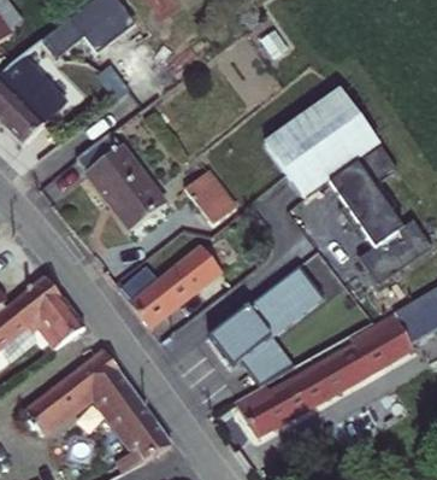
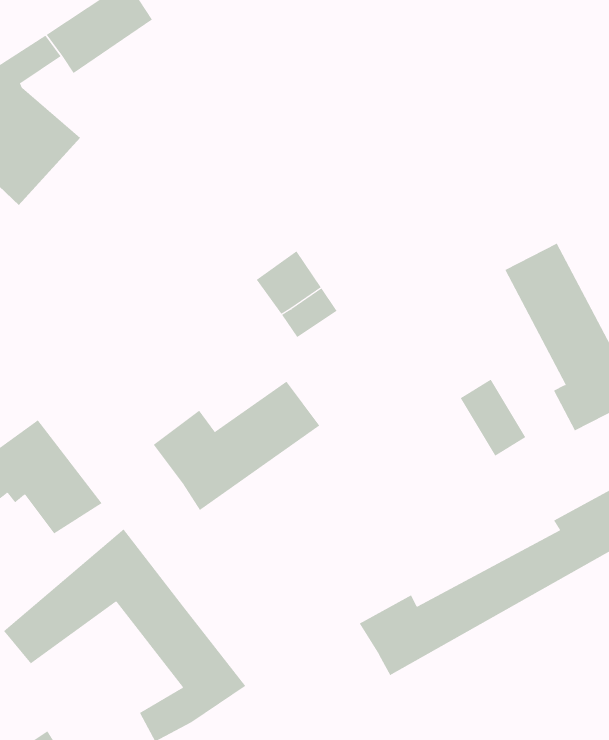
building: [260,86,380,200] -> none
building: [77,124,167,223] -> none
building: [202,265,321,393] -> none

